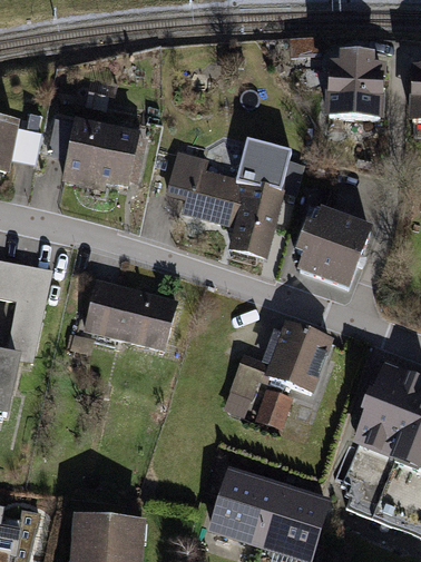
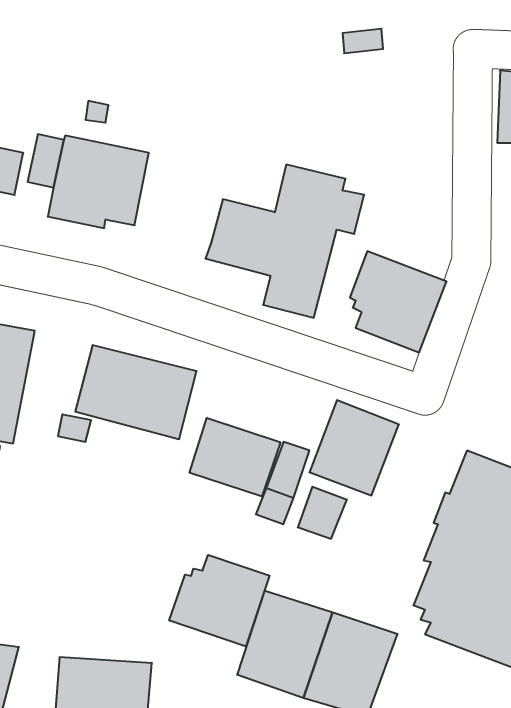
building: [323,52,385,120] -> none
building: [165,148,198,198] -> none
building: none -> [190,418,280,496]
building: none -> [169,555,270,647]

